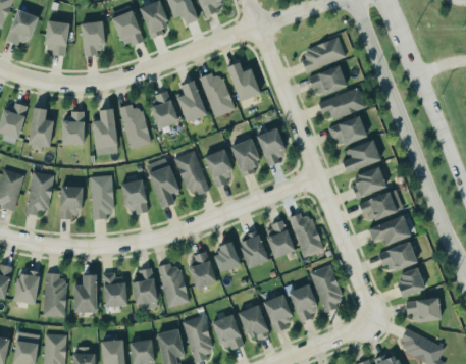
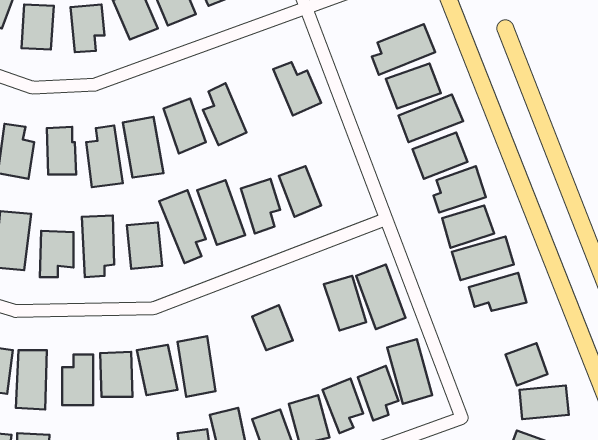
building: [199,70,236,116] -> none
building: [258,127,289,166] -> none
building: [238,228,270,268] -> none
building: [379,241,419,274] -> none
building: [186,251,218,290] -> none

